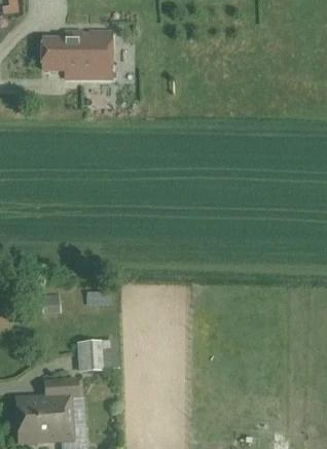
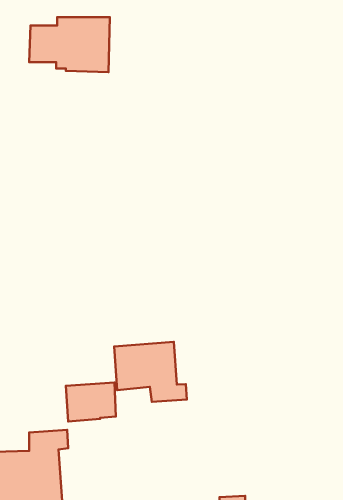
building: none -> [114,342,187,402]

